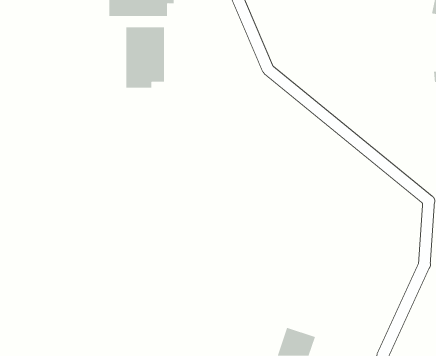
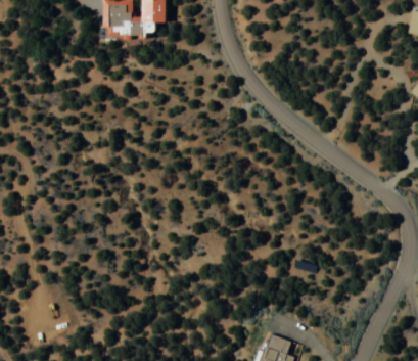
building: [126,26,164,88] -> none

